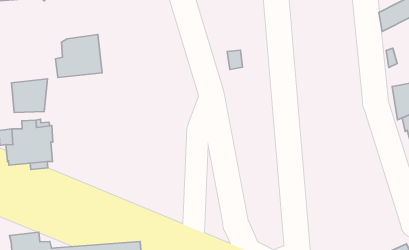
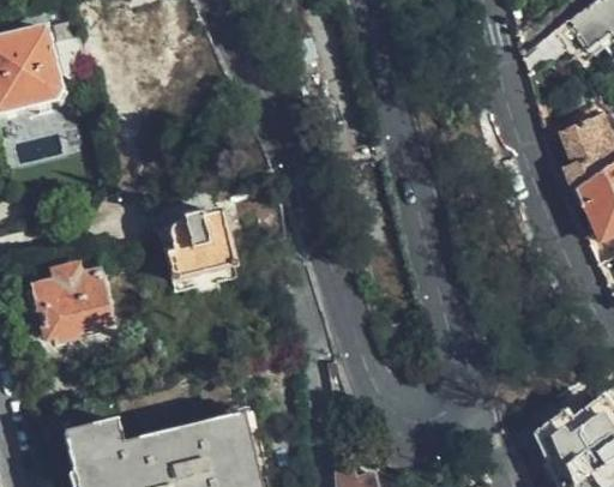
building: [55,35,102,78] -> [168,212,235,279]
building: [12,79,48,112] -> none

